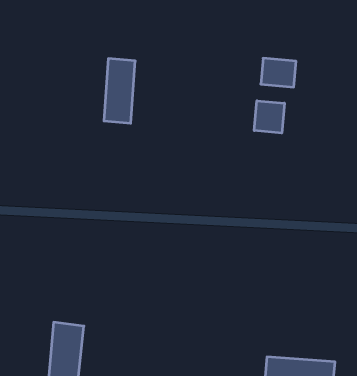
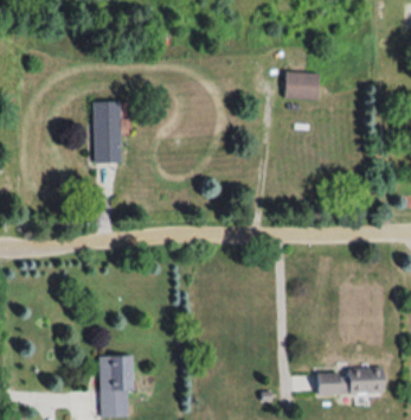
building: [104,59,135,123] -> [94,101,122,164]
building: [254,101,284,133] -> none

